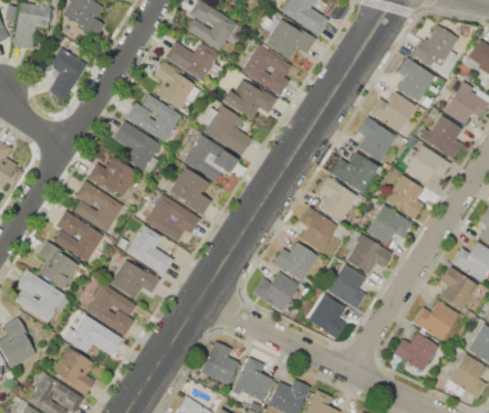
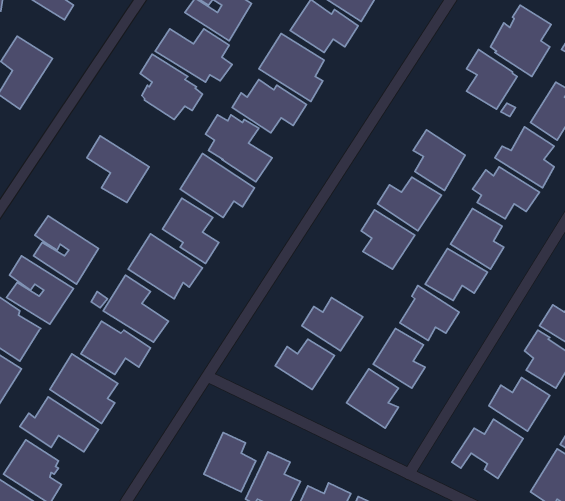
building: [371,93,416,131] -> none
building: [126,95,184,144] -> none
building: [87,158,137,197] -> none
building: [299,206,339,252] -> none

